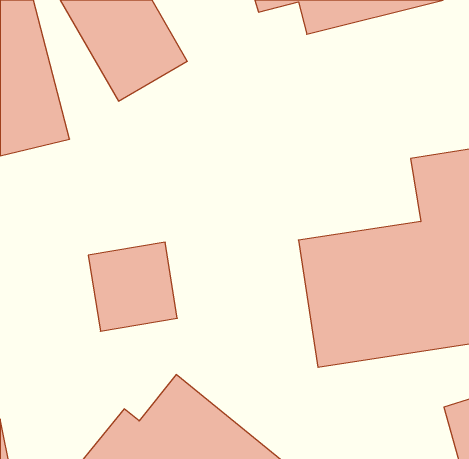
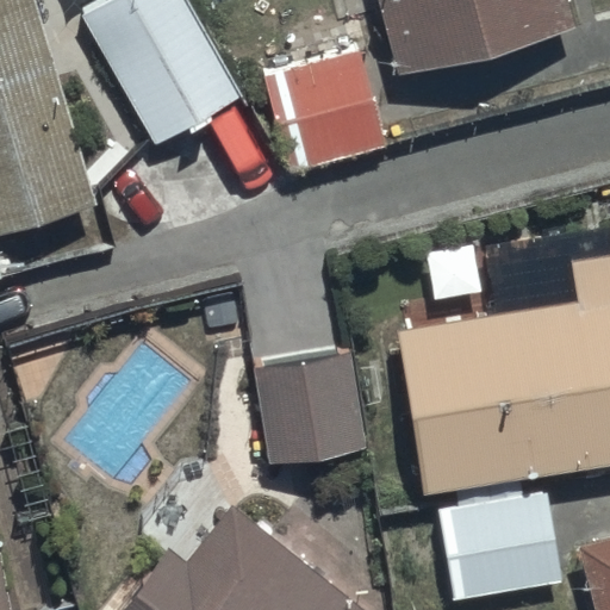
building: none -> [264,50,387,174]
building: [88,242,177,331] -> [254,350,368,465]
building: none -> [437,494,559,599]

